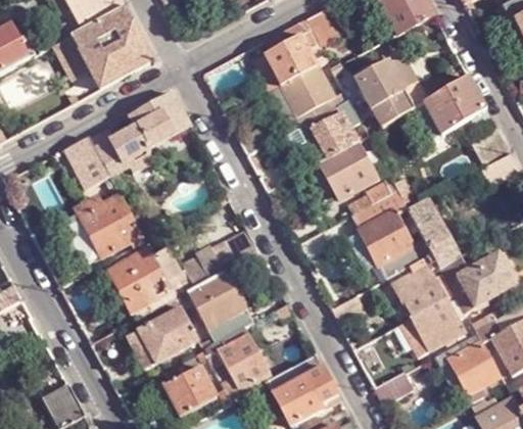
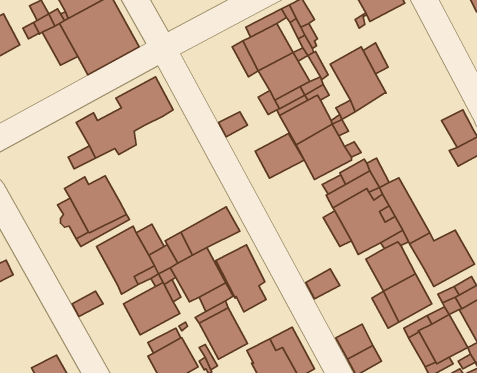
building: [413,77,486,139] -> none
building: [64,137,102,176] -> none
building: none -> [255,133,304,178]
building: none -> [216,245,266,312]

